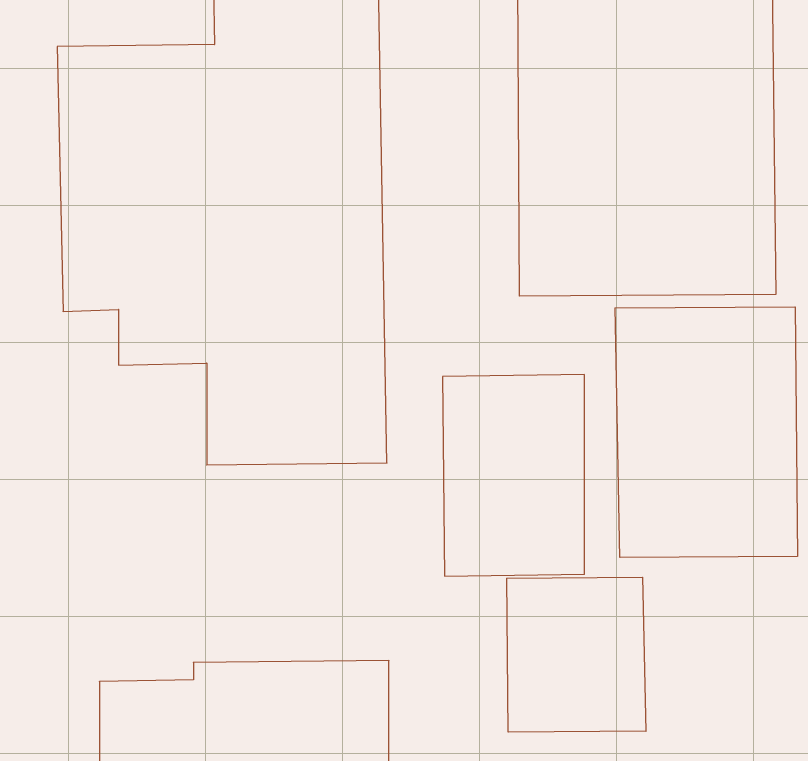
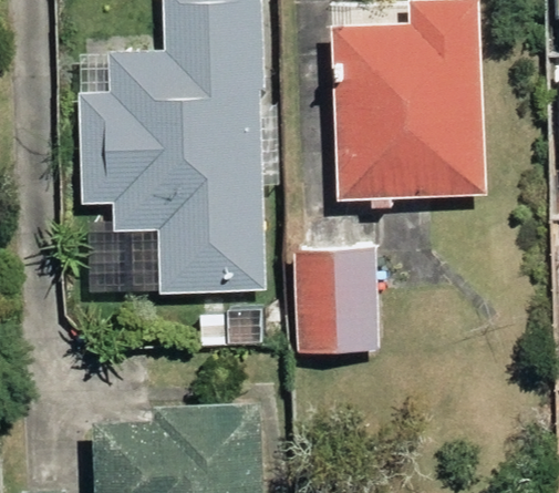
building: [615,307,797,557] -> none
building: [507,577,646,732] -> none

